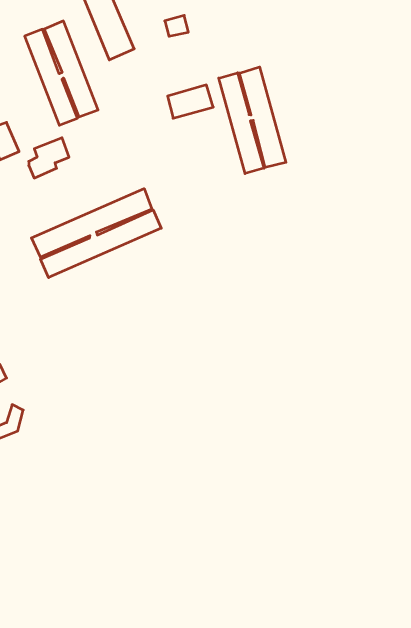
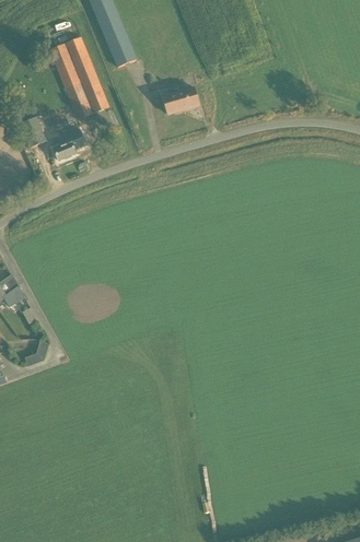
building: [219,67,286,174] -> none
building: [31,189,161,278] -> none

